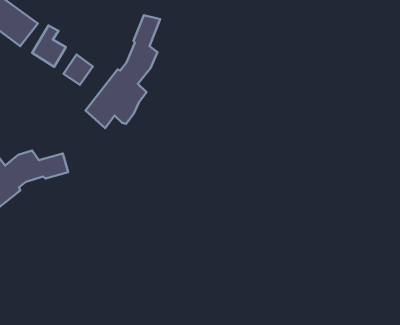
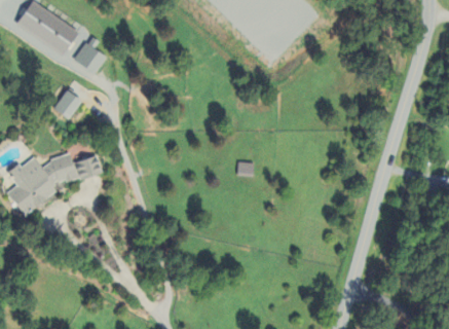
building: [85,15,160,128] -> none
building: [64,54,93,85] -> [54,88,82,117]

